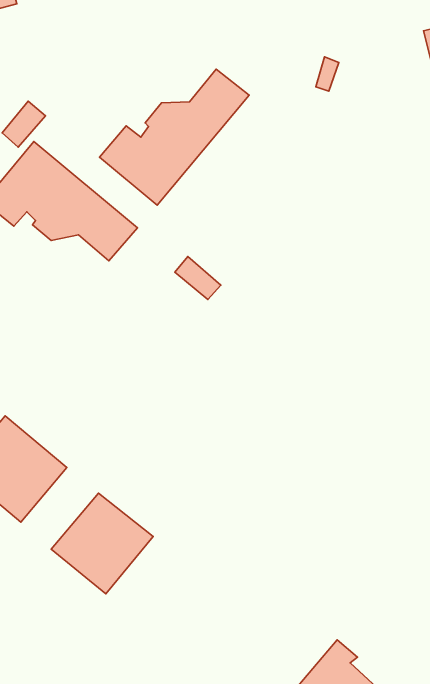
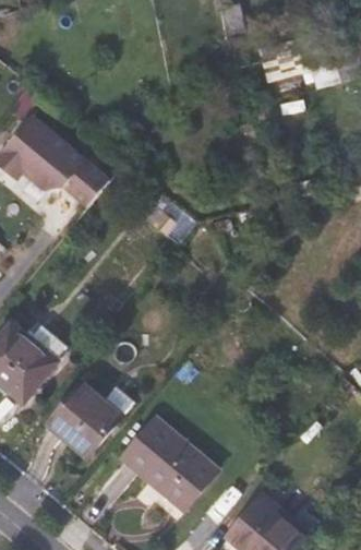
building: [99,69,249,205] -> none
building: none -> [121,417,217,510]

